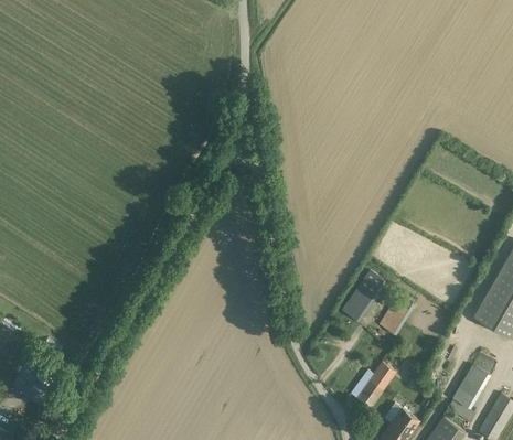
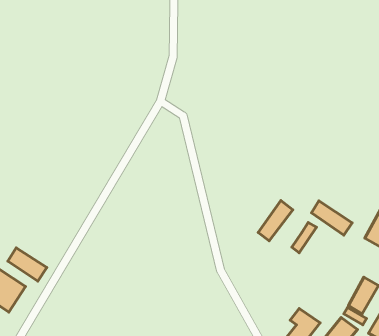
building: none -> [311,201,352,235]
building: none -> [8,248,47,281]
building: [346,354,394,403] -> none

